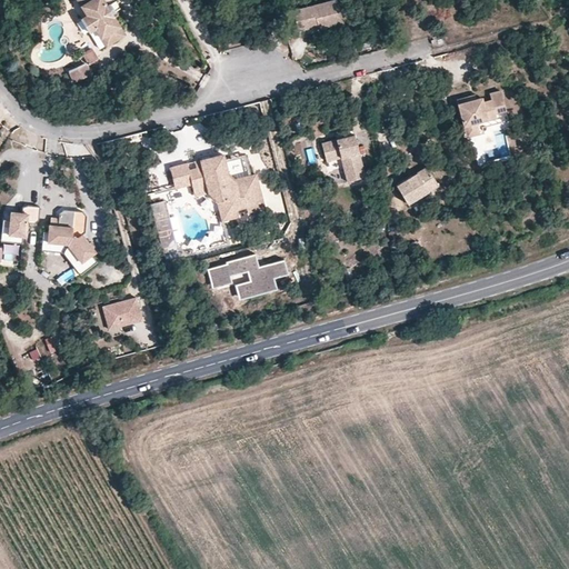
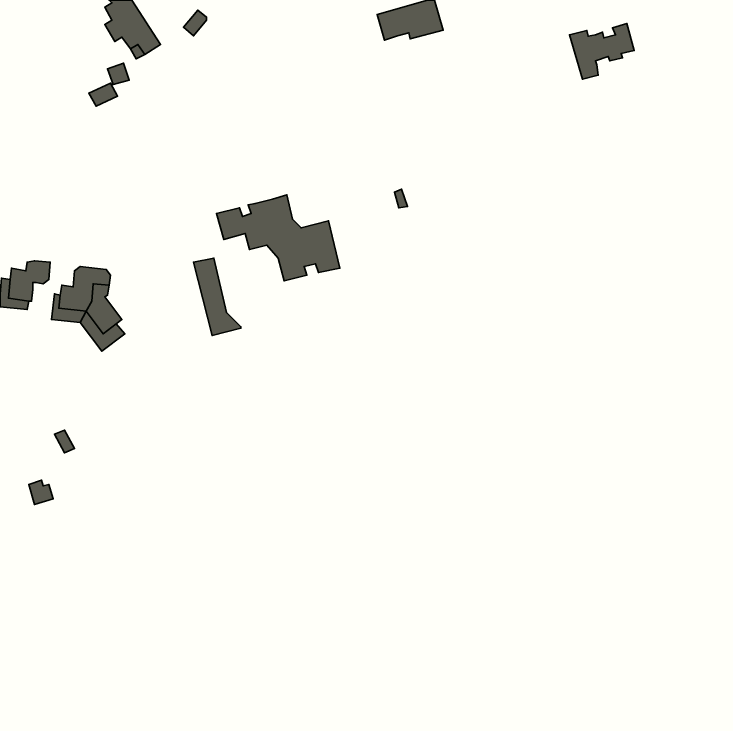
building: [456,91,506,134] -> [570,23,634,79]
building: [320,132,365,180] -> none
building: [395,163,437,201] -> none
building: [209,254,288,300] -> none
building: [102,298,141,330] -> none

